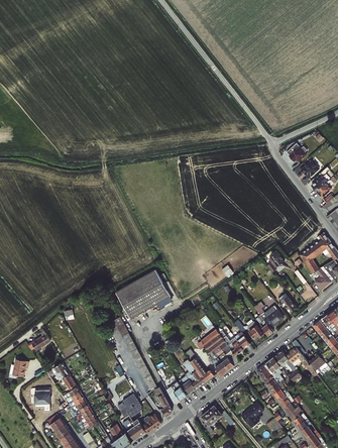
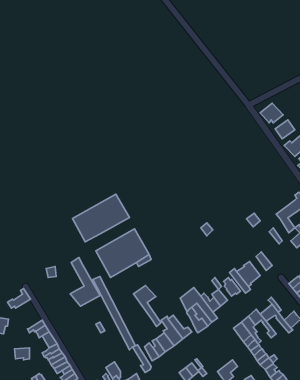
building: none -> [72,194,129,242]
building: none -> [70,258,100,306]
building: none -> [134,286,161,327]

